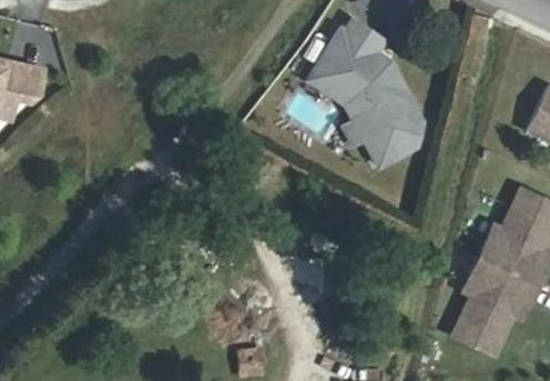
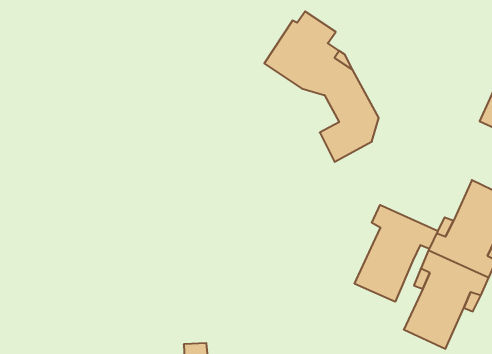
building: [313,76,389,149] -> none
building: none -> [355,205,438,302]

